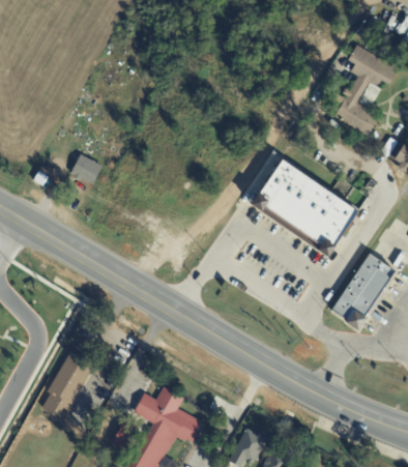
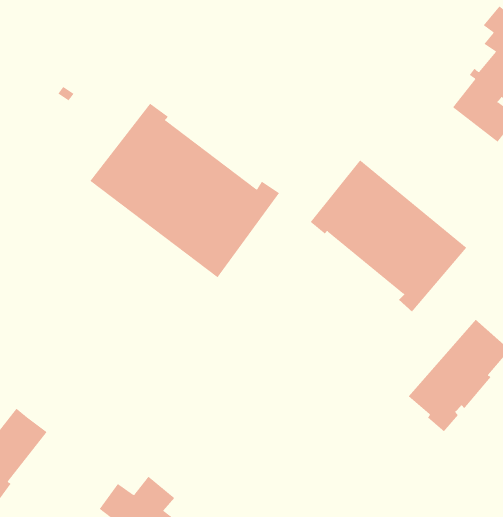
building: none -> [89,103,280,278]
building: [70,153,101,183] -> none

